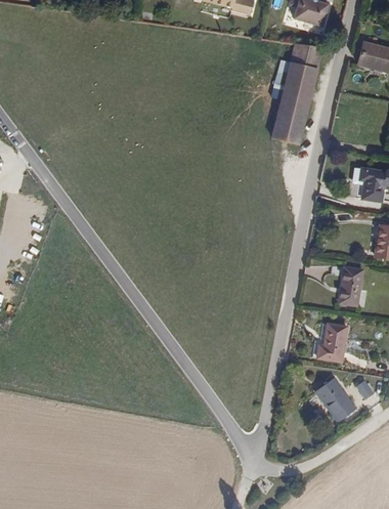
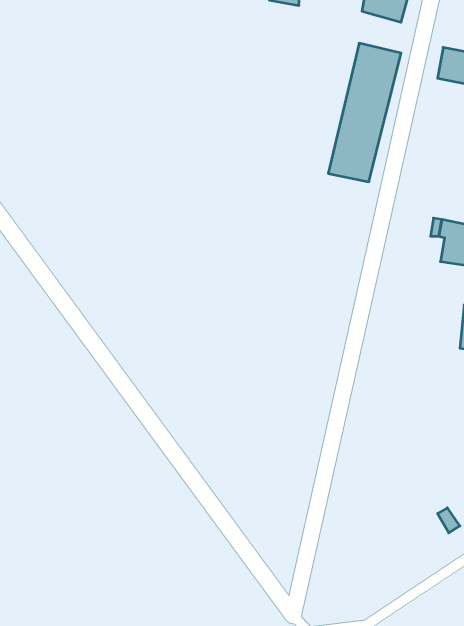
building: [338,268,361,309] -> none
building: [315,326,345,362] -> none
building: [311,379,353,424] -> none

